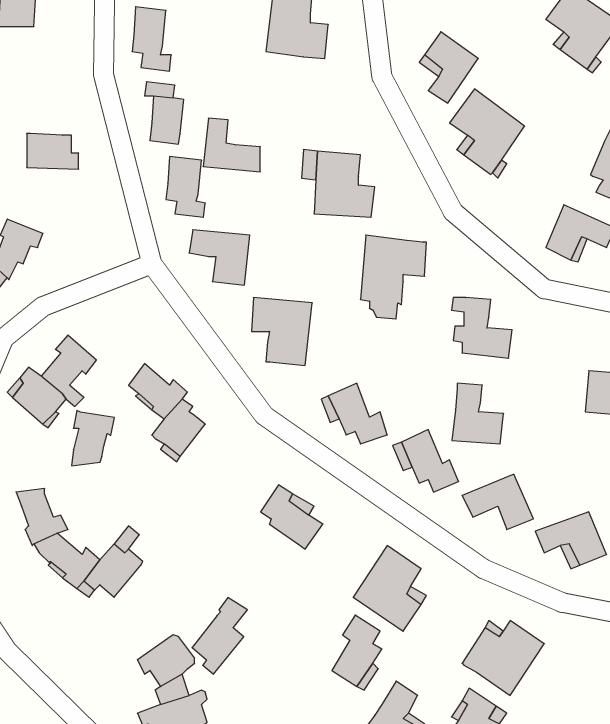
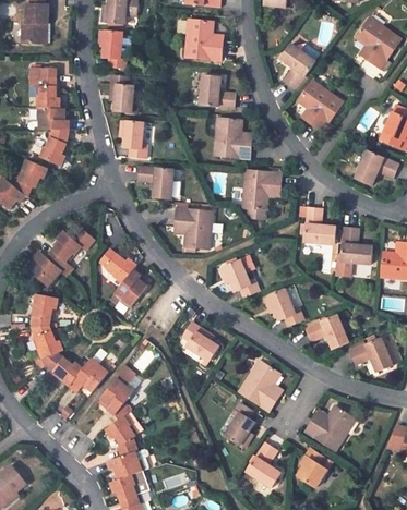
building: none -> [33,69,61,108]
building: [203,118,260,172] -> [200,75,235,108]
building: none -> [41,129,70,165]
building: [452,383,504,444] -> [340,227,372,264]
building: [72,410,114,466] -> [32,292,58,326]
building: [192,598,247,674] -> [100,366,134,413]

